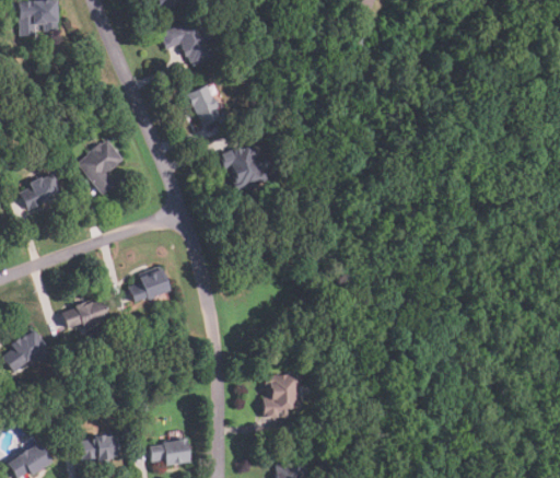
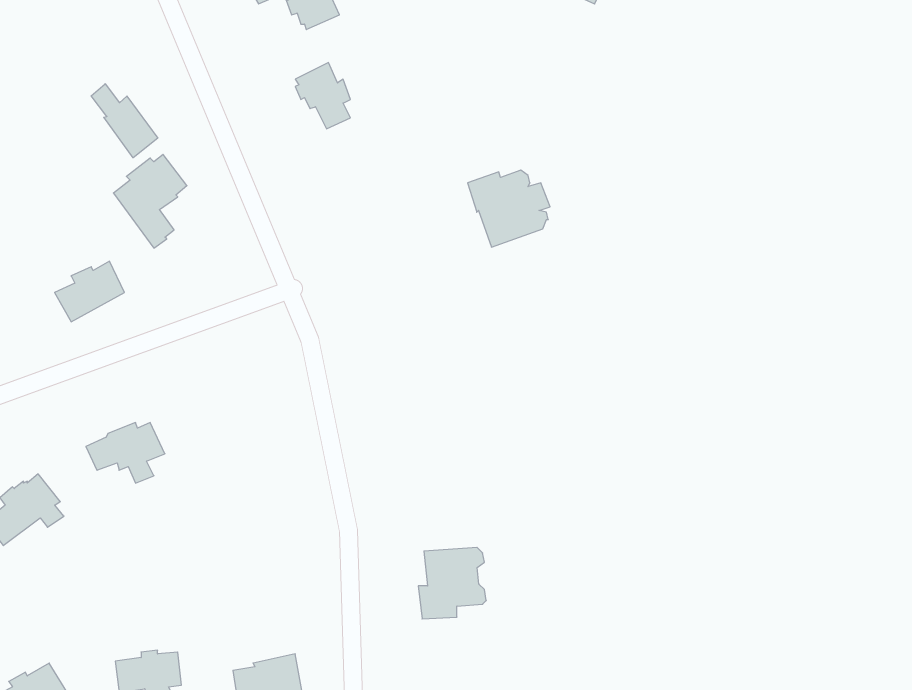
building: none -> [91,84,158,158]
building: [221,145,270,191] -> [468,170,550,247]
building: [20,174,61,210] -> [55,261,124,322]
building: [129,269,171,302] -> none

